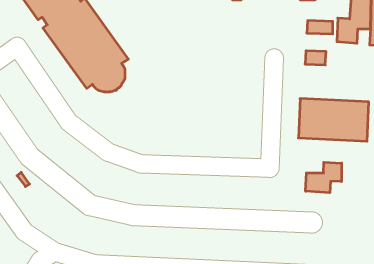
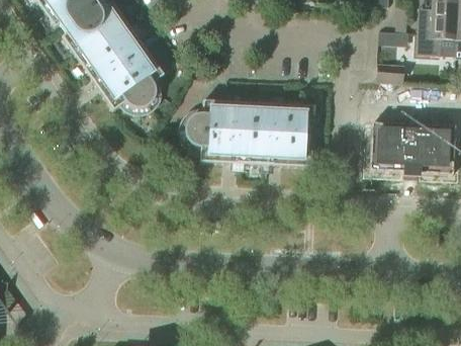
building: none -> [179,101,314,168]
building: [306,162,342,193] -> none

